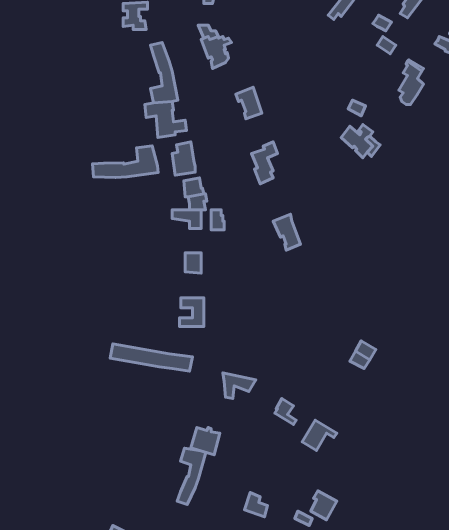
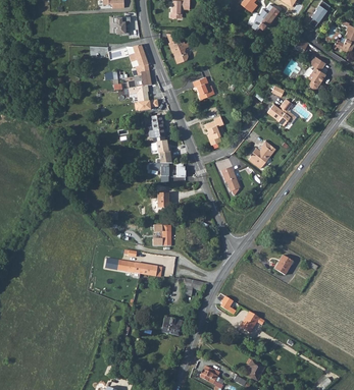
building: [92,146,158,178] -> none
building: none -> [247,141,273,169]
building: [177,448,206,504] -> none

